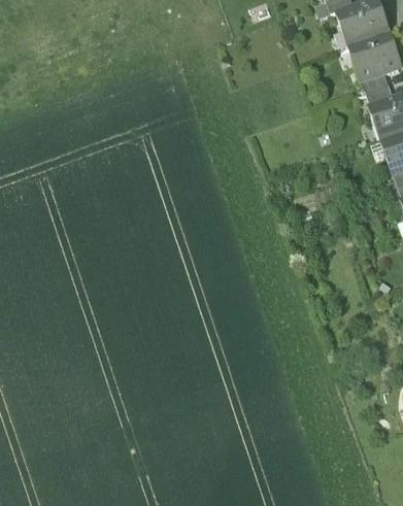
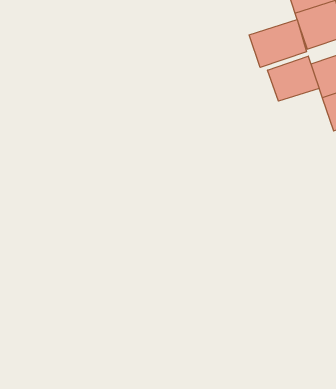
building: none -> [249,19,307,67]
building: none -> [268,56,319,101]

